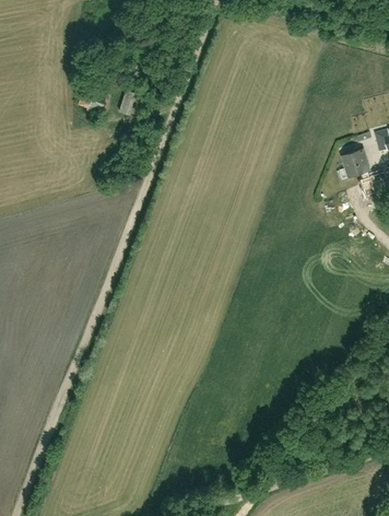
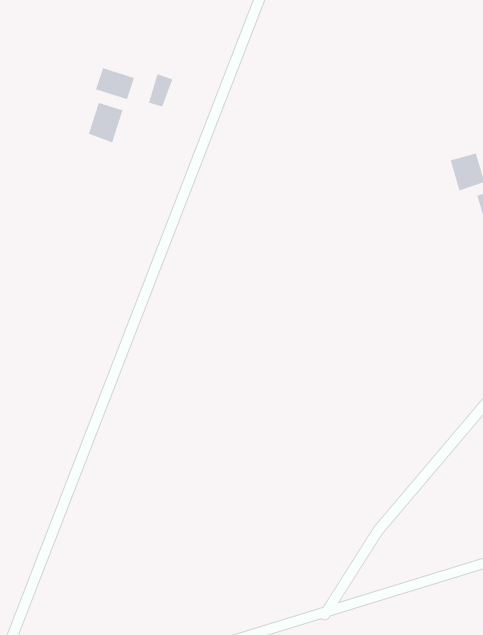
building: none -> [88,102,123,143]

